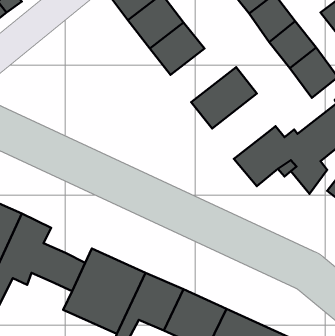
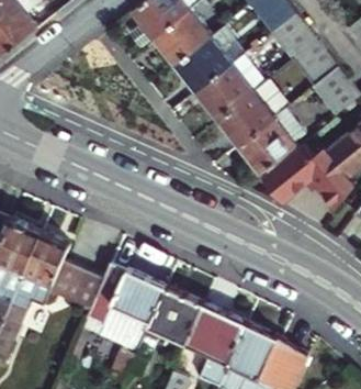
building: none -> [193,57,259,120]
building: none -> [235,109,301,176]

